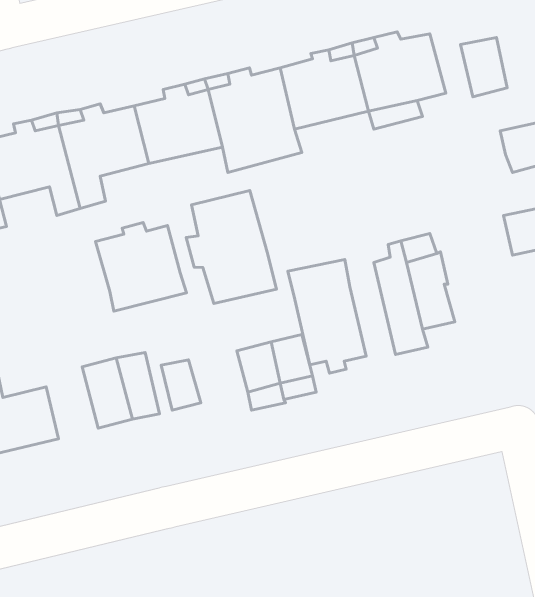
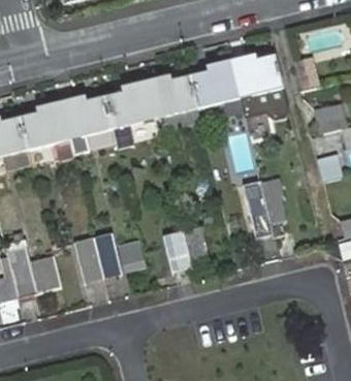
building: [186,191,277,303] -> none
building: [96,223,187,311] -> none
building: [288,260,366,373] -> none

